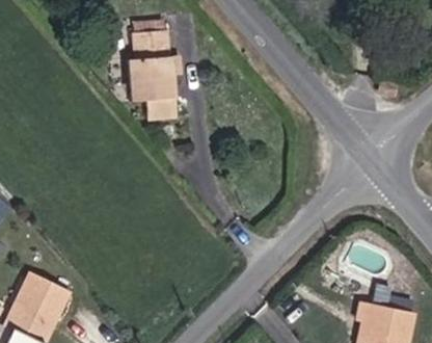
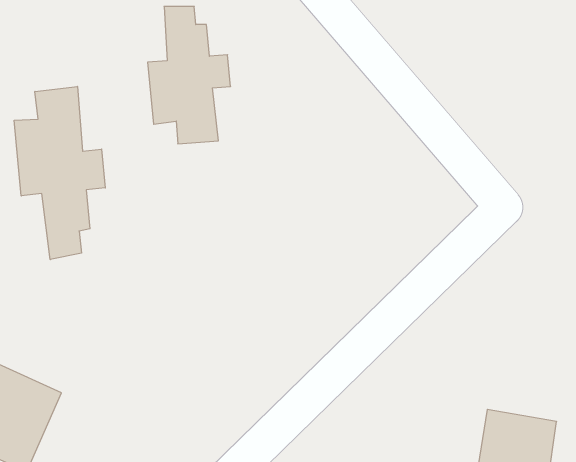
building: none -> [14,86,105,260]

